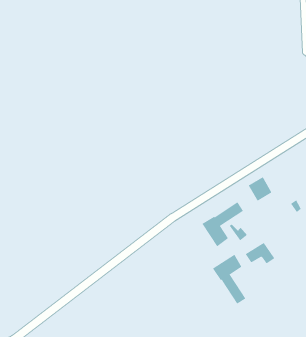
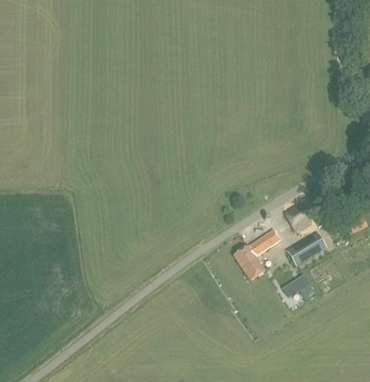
building: none -> [287,231,327,265]
building: [212,254,246,304] -> none

